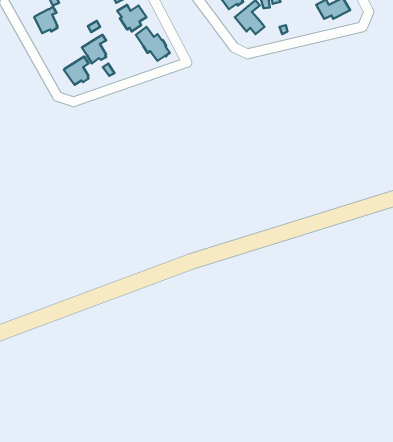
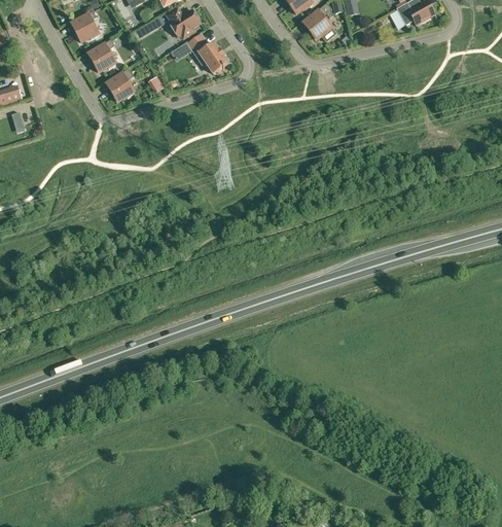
building: [82,35,106,64] -> [87,38,115,71]

